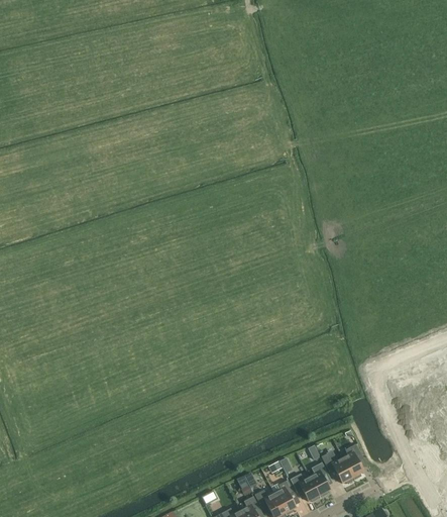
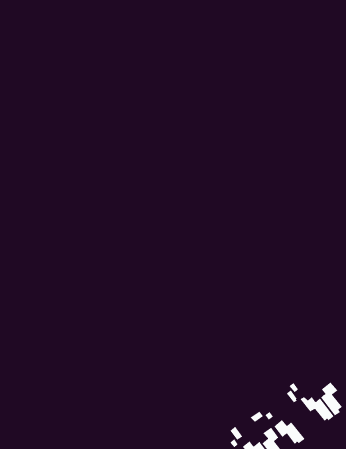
building: [310,462,330,498] -> none

